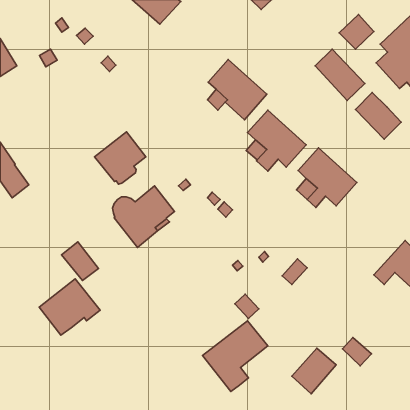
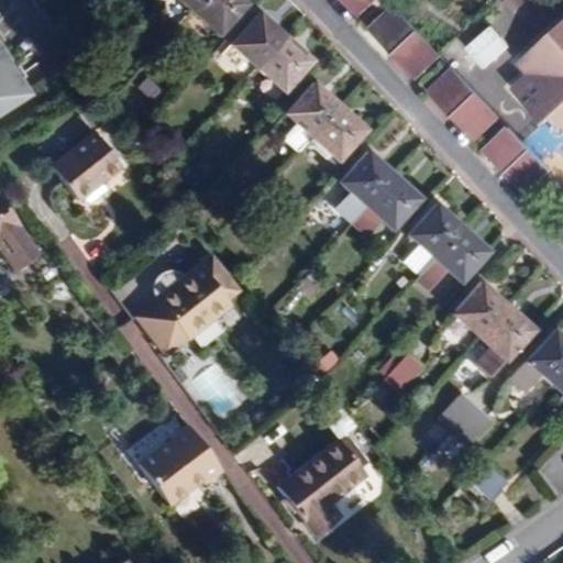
building: none -> [372,5,442,76]
building: none -> [232,12,313,90]
building: [94,132,146,184] -> [52,131,122,202]
building: none -> [453,282,534,374]
building: [62,242,99,280] -> [135,298,186,351]
building: [39,279,100,335] -> [140,426,223,503]
building: [292,348,336,394] -> [426,395,486,457]

